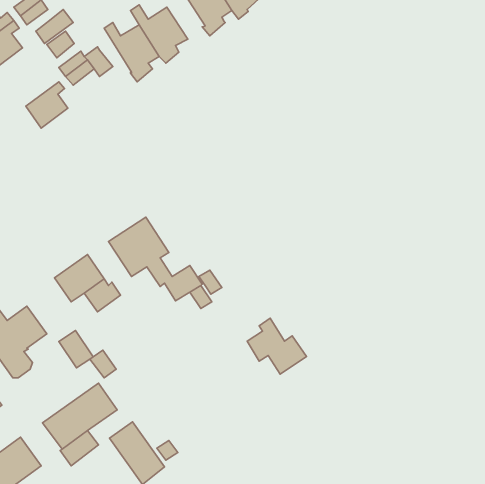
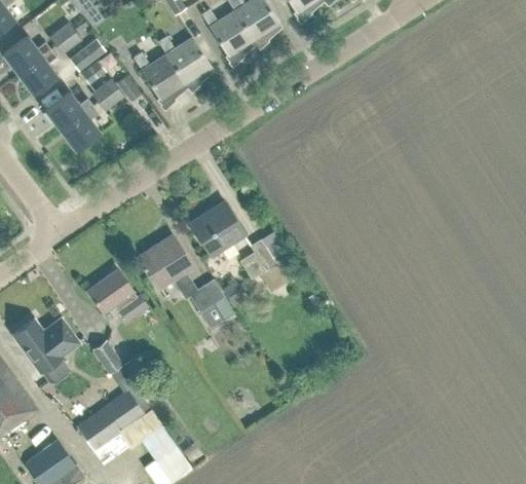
building: none -> [45,92,91,131]
building: none -> [190,201,246,261]
building: [247,318,307,374] -> [239,239,295,292]

